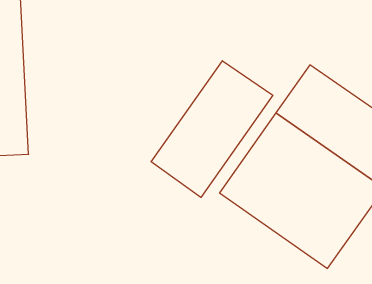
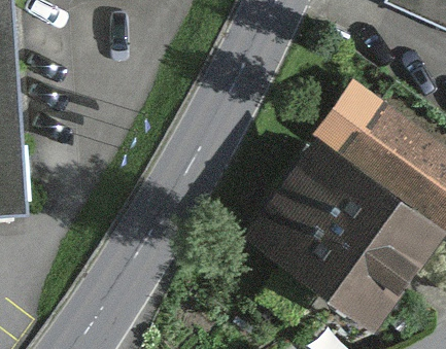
building: [151,61,273,197] -> none

